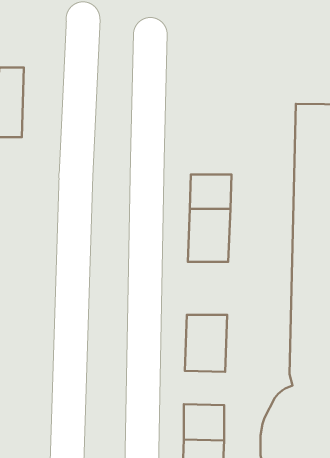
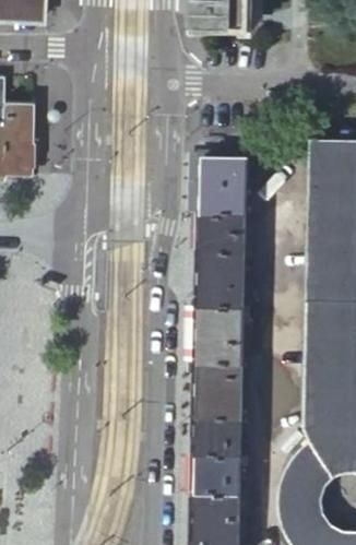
building: none -> [202,158,247,215]
building: none -> [198,307,241,363]
building: none -> [194,422,238,458]

